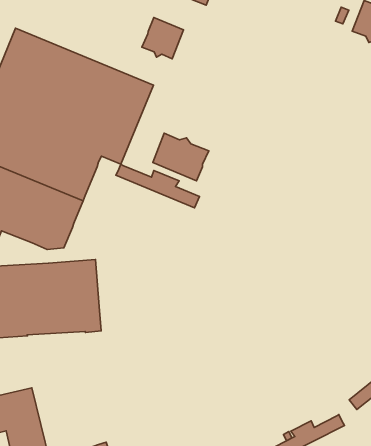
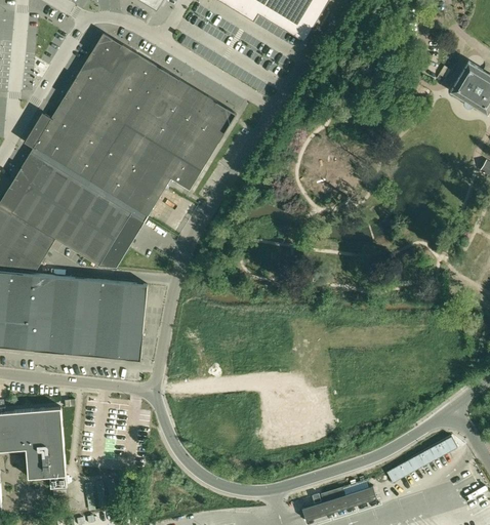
building: [142,18,184,59] -> none
building: [153,133,209,181] -> none
building: [116,164,200,208] -> none

